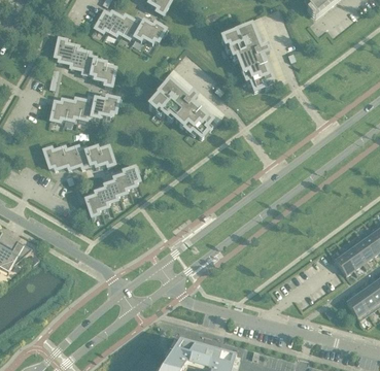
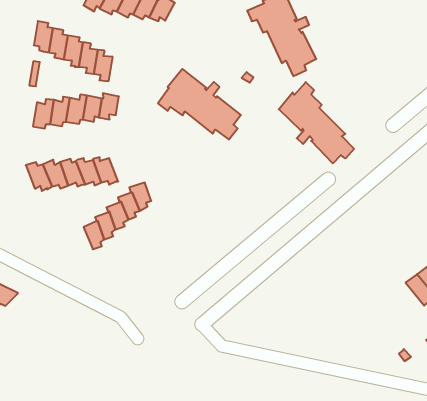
building: none -> [279,82,354,163]

